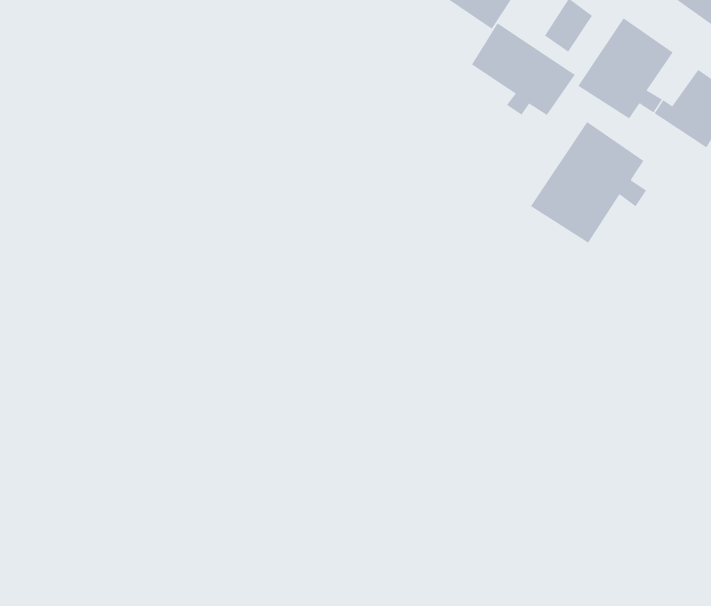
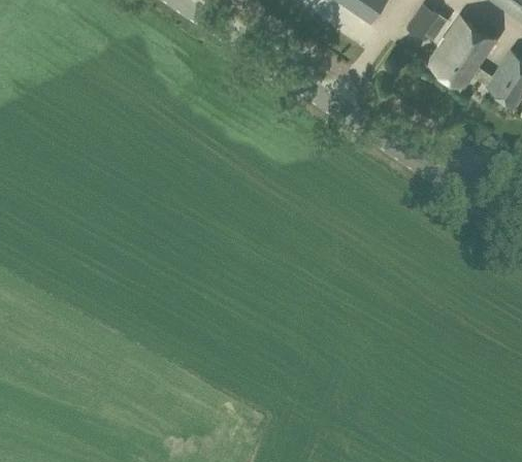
building: [471,23,576,116] -> none
building: [530,121,647,243] -> none

